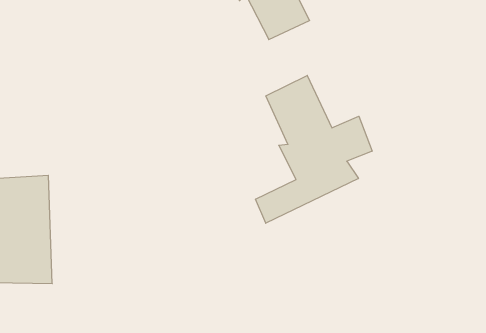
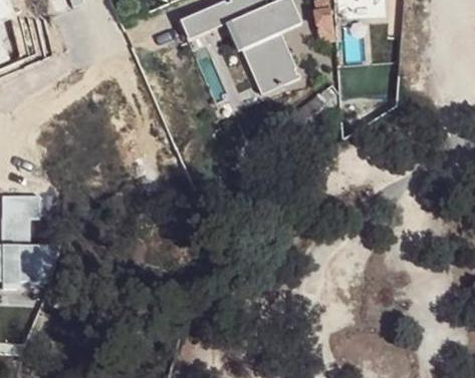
building: [256,75,372,223] -> none

